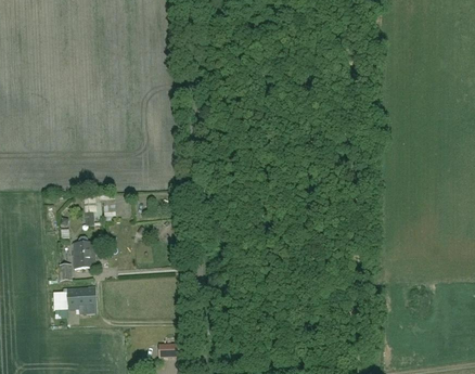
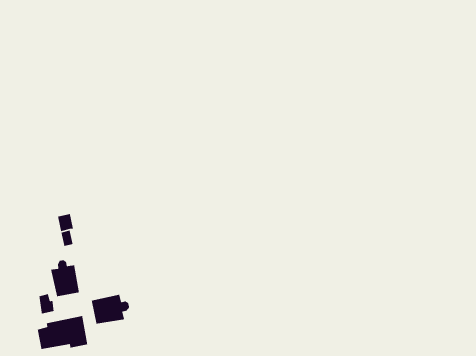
building: none -> [91,294,130,325]

